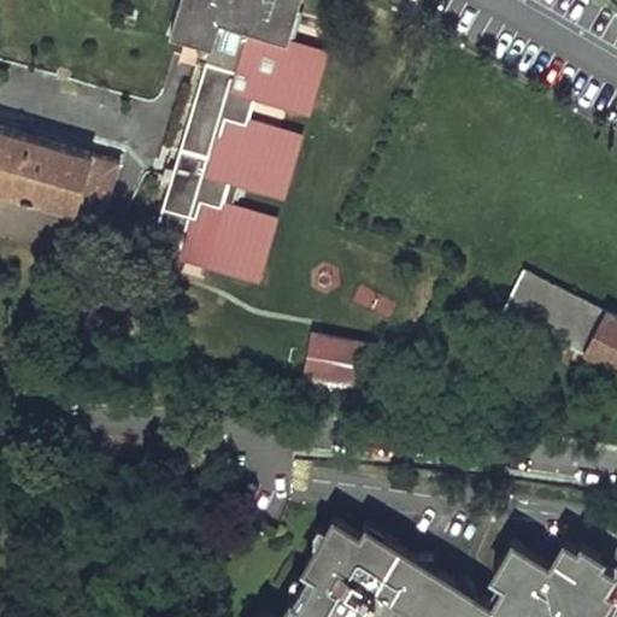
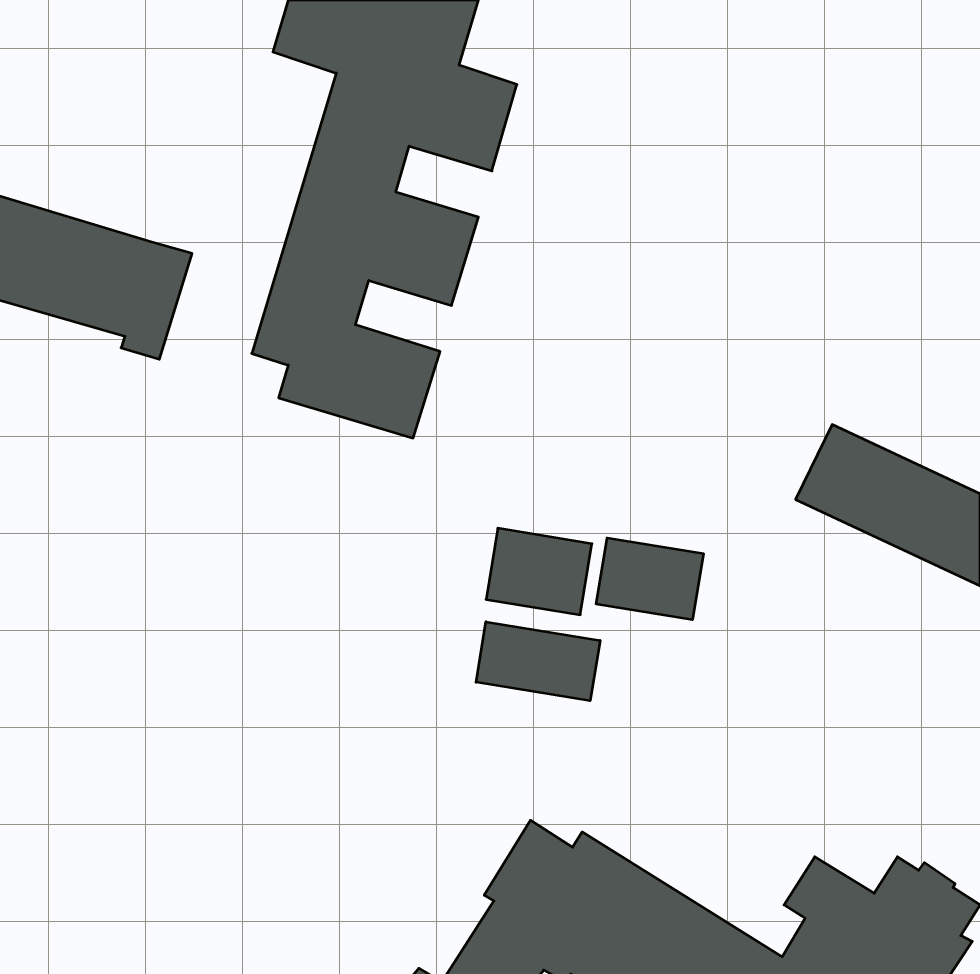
building: none -> [596,538,703,620]
building: none -> [476,622,600,701]

